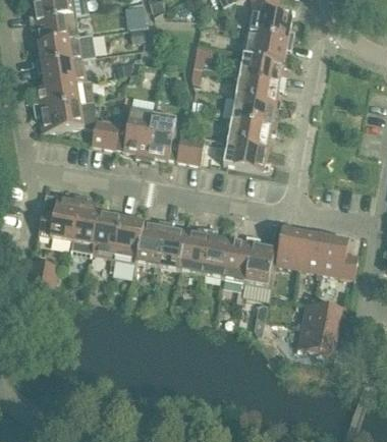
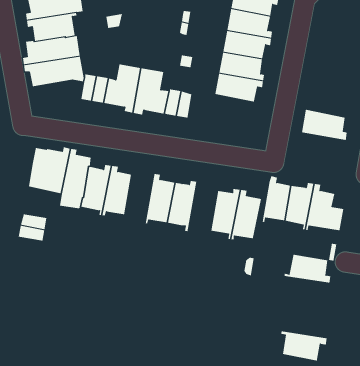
building: [223,139,270,170] -> [301,109,347,141]
building: [136,218,166,270] -> none
building: [201,227,230,278] -> none
building: [296,323,344,353] -> [280,331,327,361]

